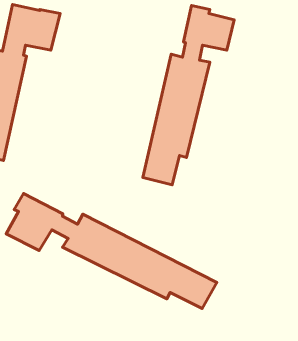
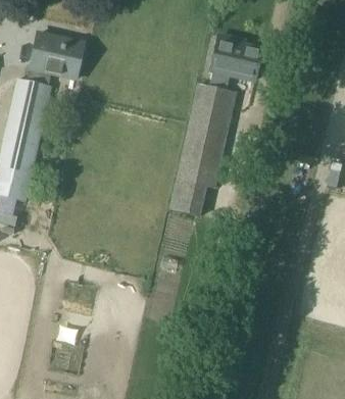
building: [6,194,217,308] -> none

